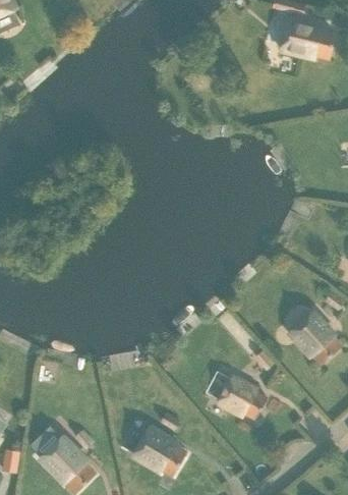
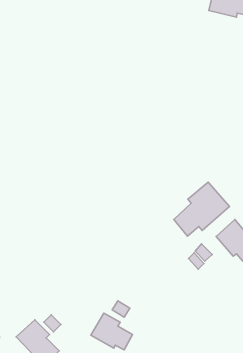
building: none -> [174,182,230,236]
building: [217,373,266,417] -> none

